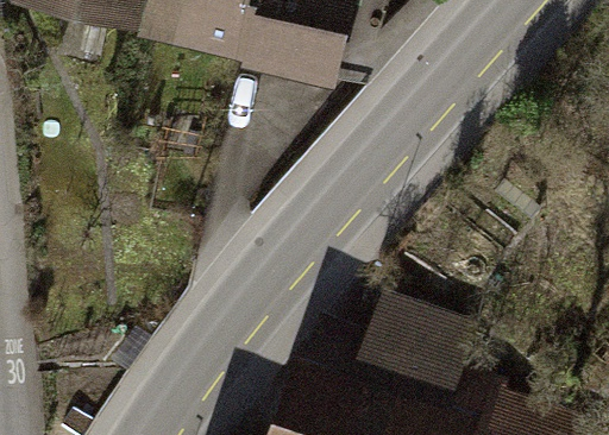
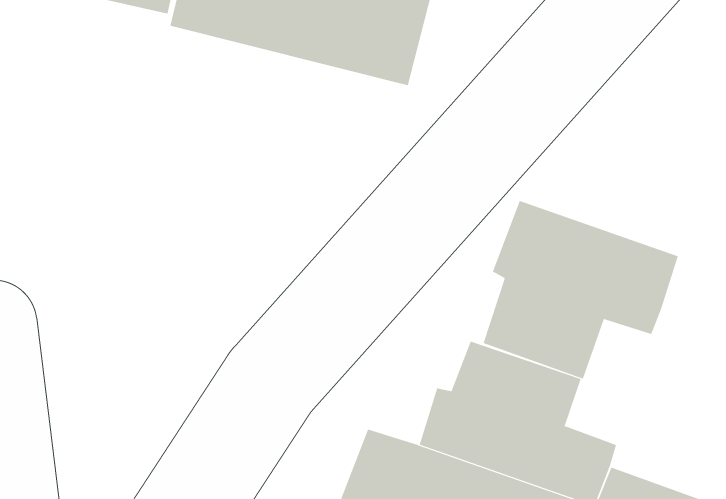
building: none -> [483,200,679,380]

